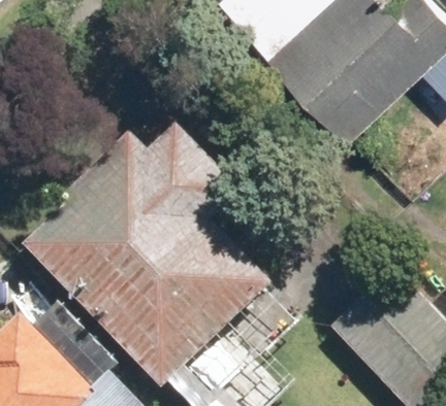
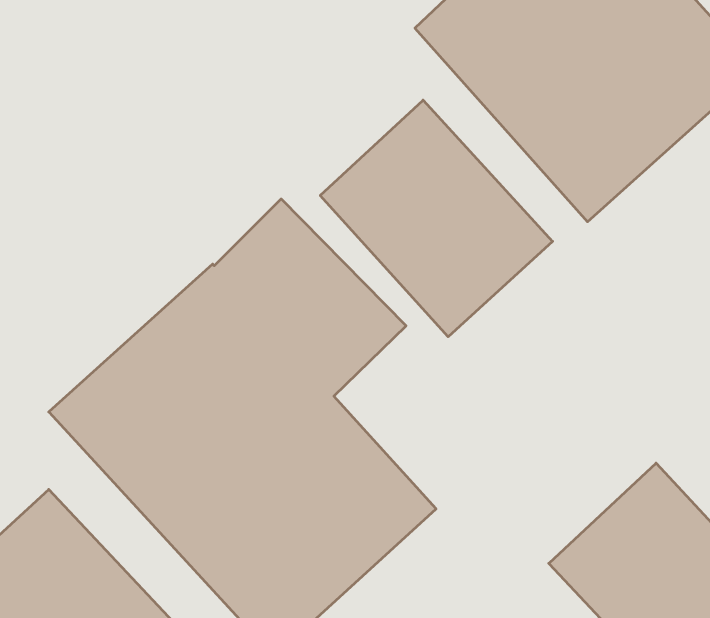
building: none -> [320,100,553,337]

